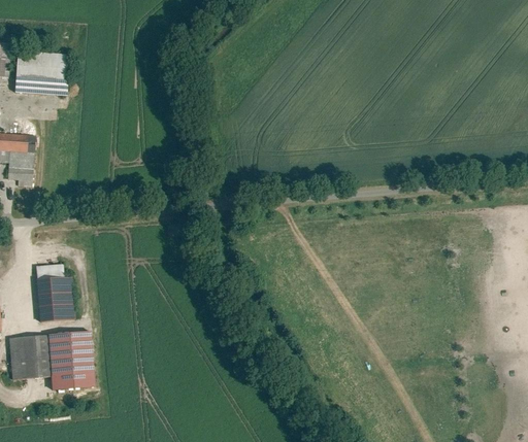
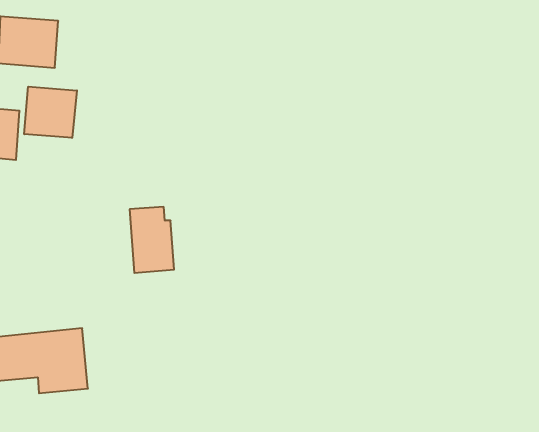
building: none -> [24,87,77,138]
building: [33,263,73,322] -> [130,207,174,273]

